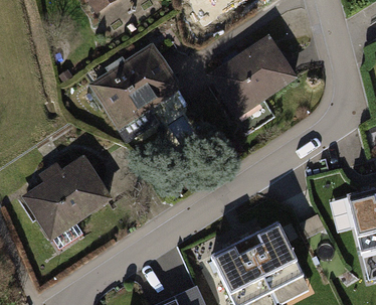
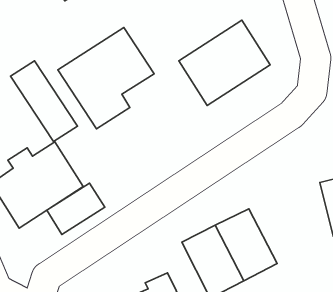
building: none -> [11,61,77,142]
building: none -> [47,183,105,234]

